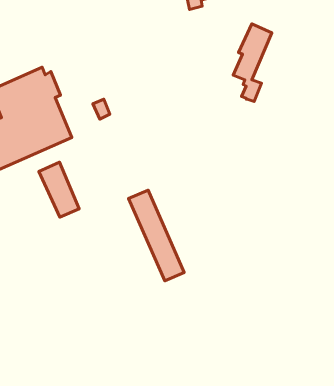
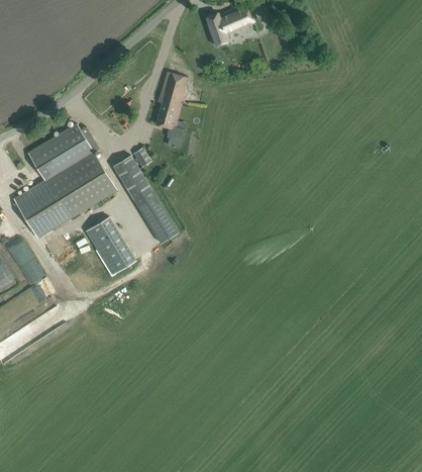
building: [233,24,272,101] -> [155,72,188,149]
building: [129,190,184,281] -> [112,156,178,244]

